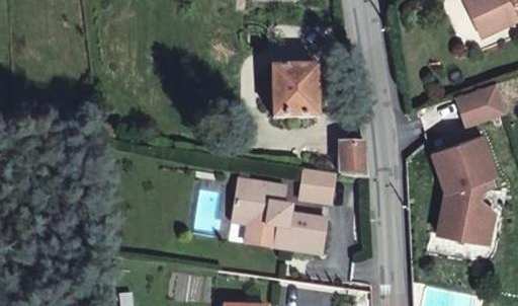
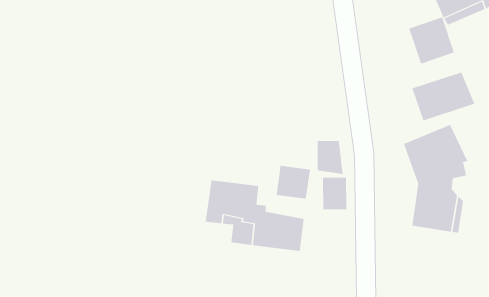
building: none -> [409,17,455,64]
building: [275,69,324,122] -> none
building: none -> [323,177,347,210]

